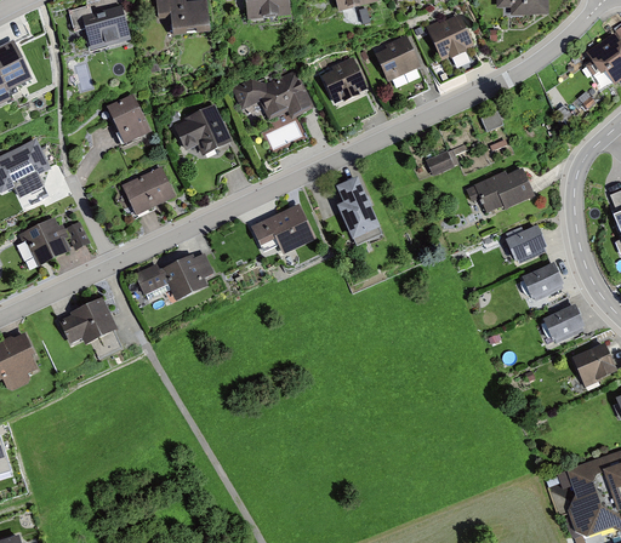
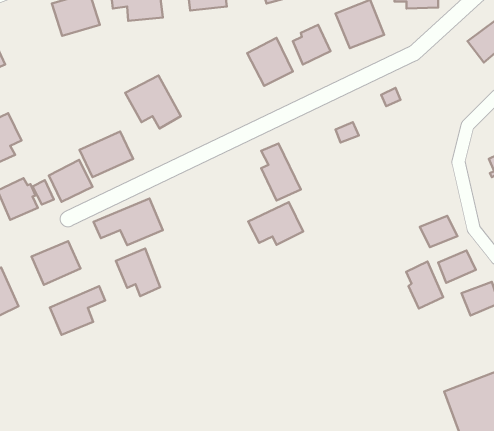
building: [232,65,317,126] -> none
building: [101,88,156,148] -> none
building: [467,164,535,218] -> none
building: none -> [49,160,93,202]
building: [246,205,312,256] -> [248,202,303,245]
building: [505,224,552,265] -> none
building: none -> [116,248,160,296]
building: none -> [406,261,443,308]
building: none -> [50,286,105,335]

